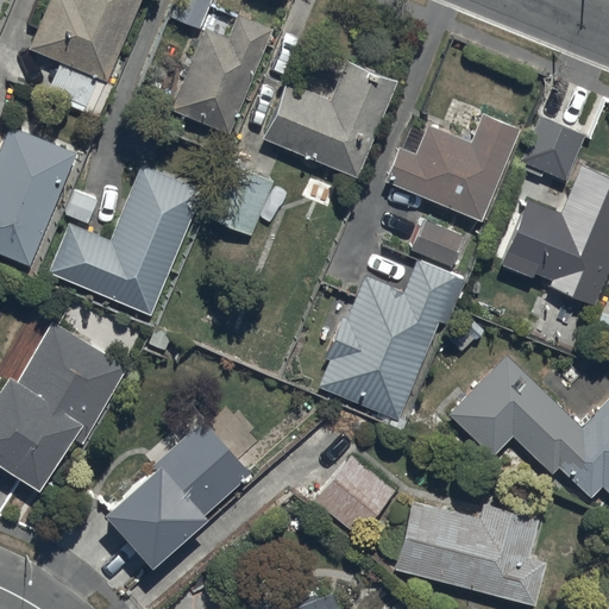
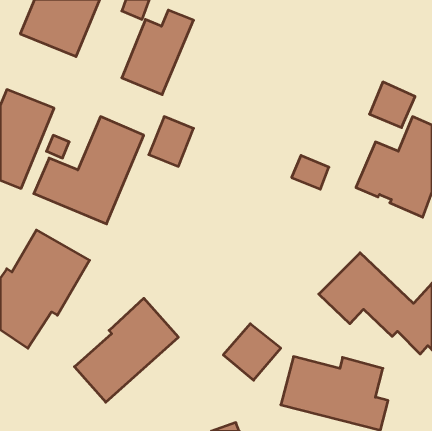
building: [263,61,395,176] -> none
building: [384,113,519,221] -> none
building: [318,260,464,419] -> none

